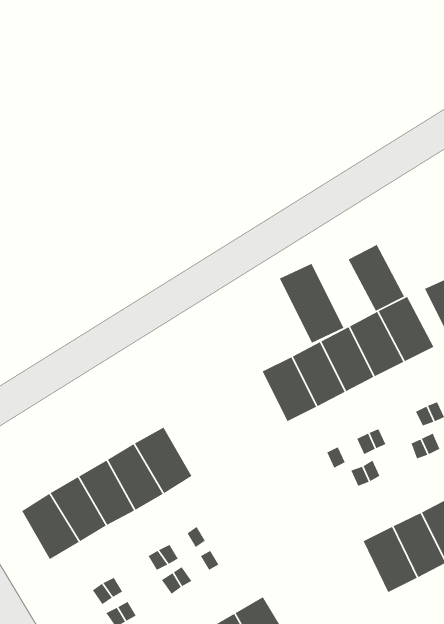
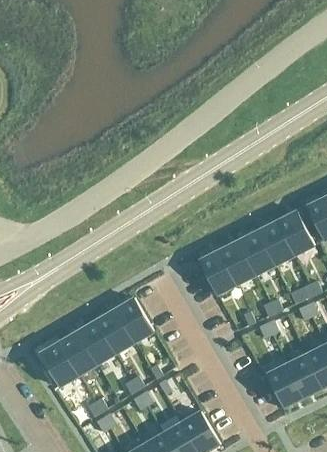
building: [348,244,405,312] -> none
building: [279,263,345,344] -> none

